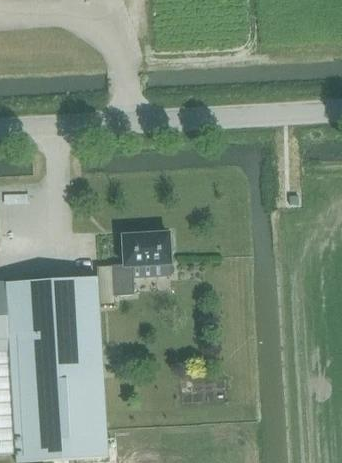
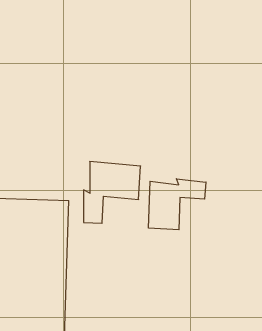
building: none -> [149,179,206,230]

